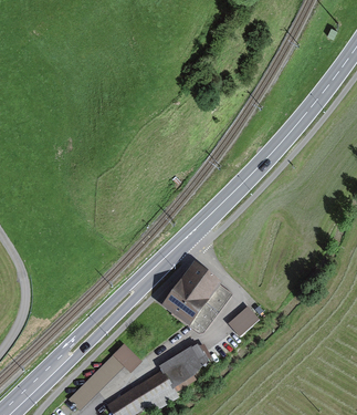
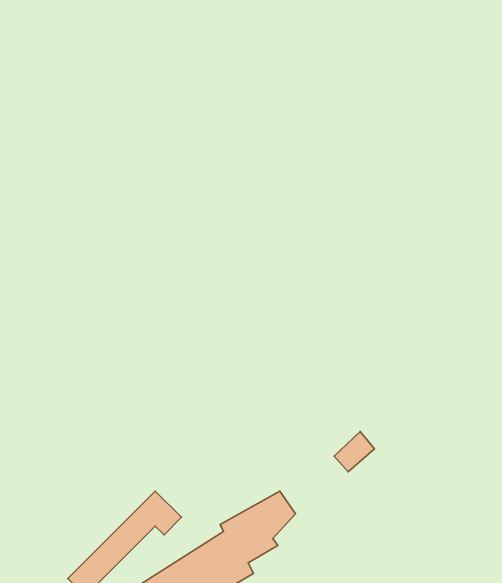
building: [167,262,219,319] -> none

